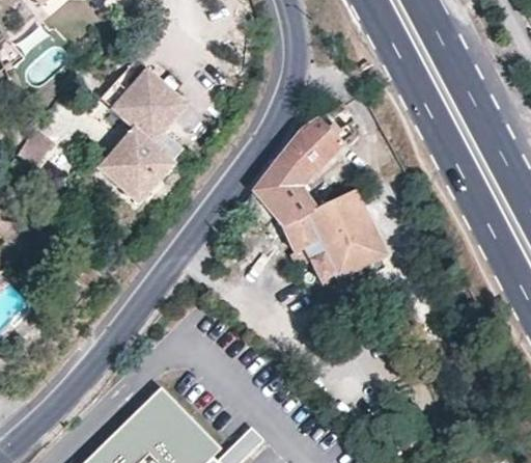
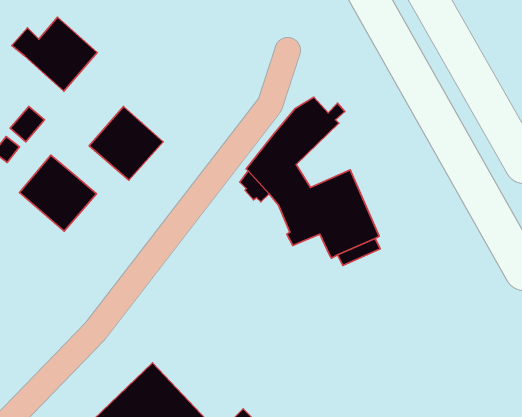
building: [99,72,184,145] -> [12,17,97,91]
building: none -> [20,155,97,231]

